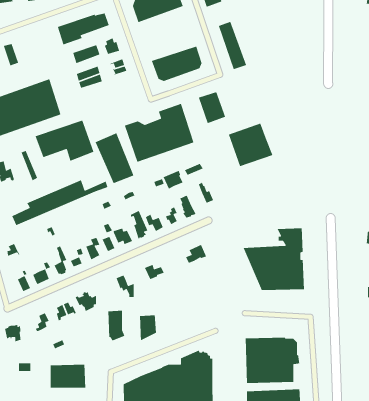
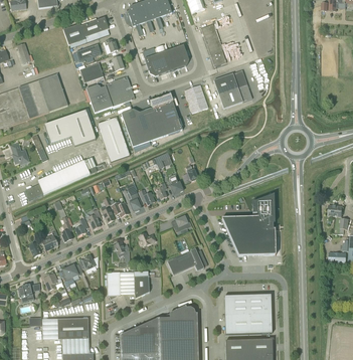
building: none -> [85,77,134,113]
building: [228,122,274,167] -> [213,70,252,109]
building: none -> [167,247,207,275]

